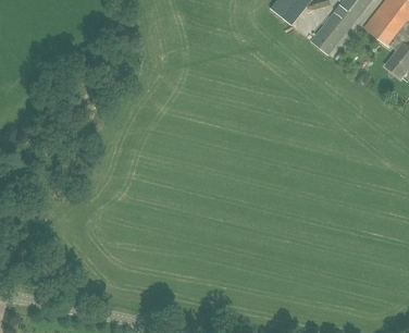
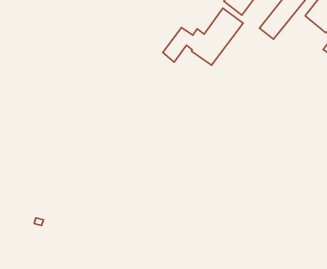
building: none -> [163,8,243,65]

